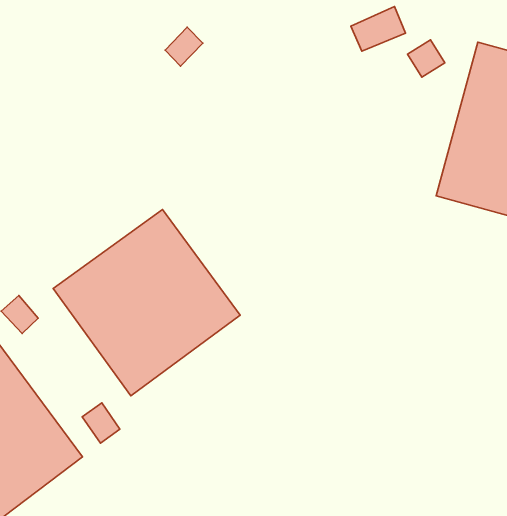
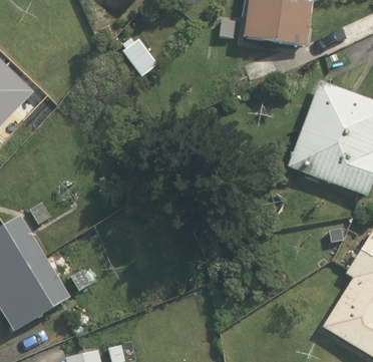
building: [53,210,240,396] -> none

